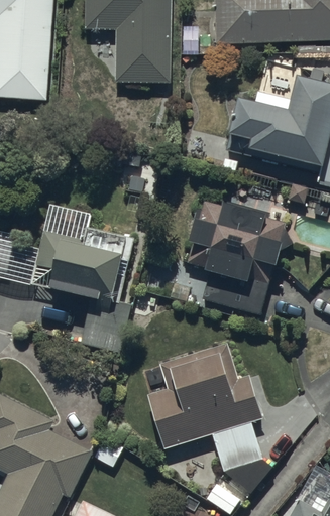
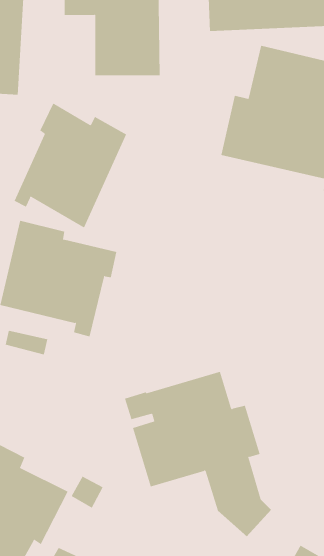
building: none -> [14,102,127,228]
building: [186,200,292,314] -> none

